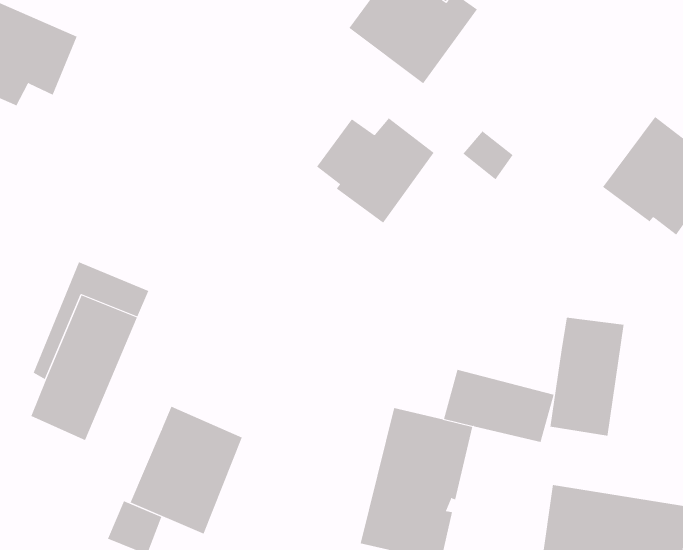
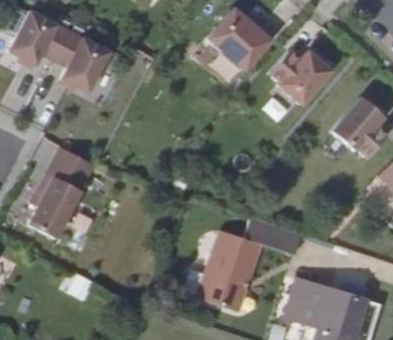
building: none -> [54,32,109,92]
building: [316,118,434,224] -> [270,50,331,105]
building: [550,317,624,436] -> none
building: [130,406,243,534] -> none

